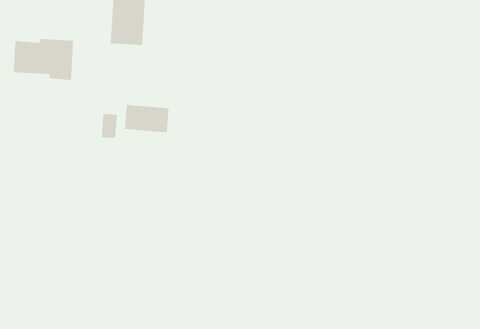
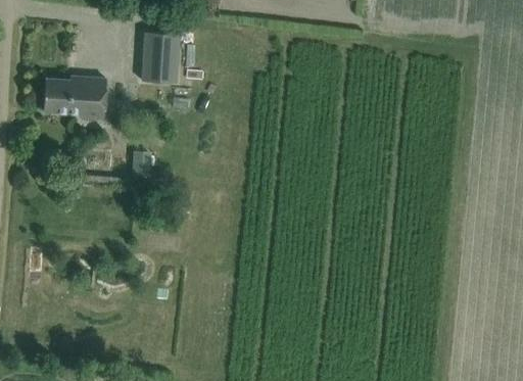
building: [124,104,169,133] -> none

